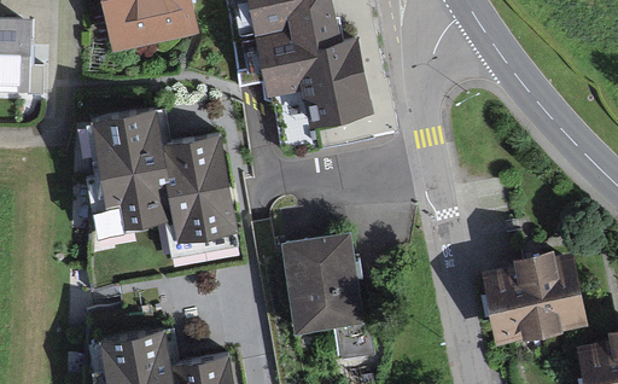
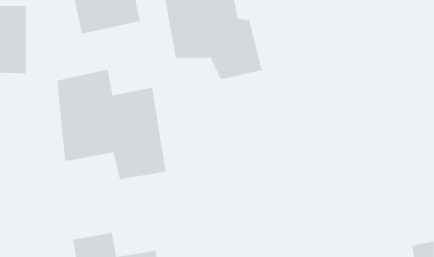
building: [296,238,385,357] -> none
building: [484,246,576,332] -> none

